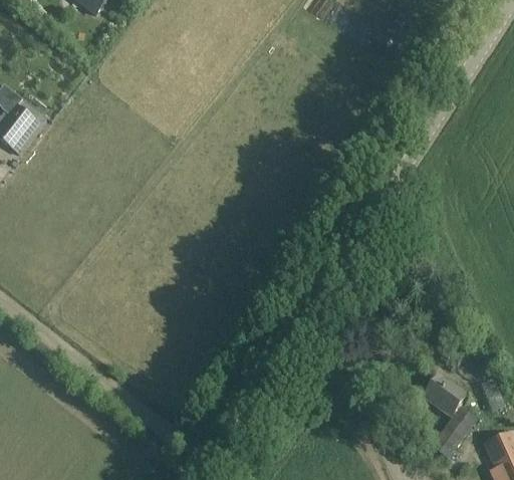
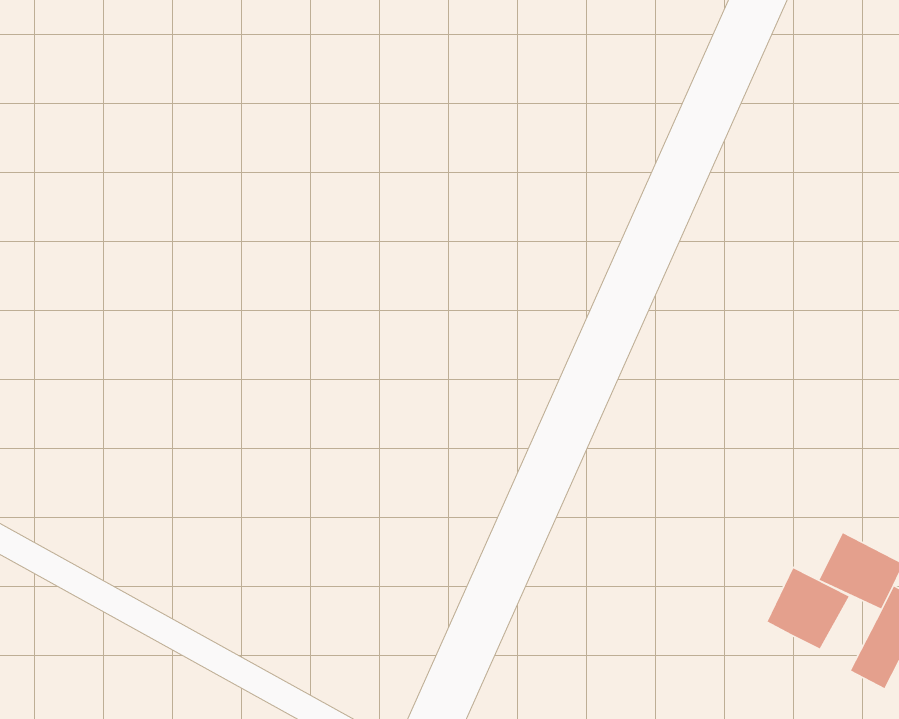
building: none -> [766,567,850,650]

